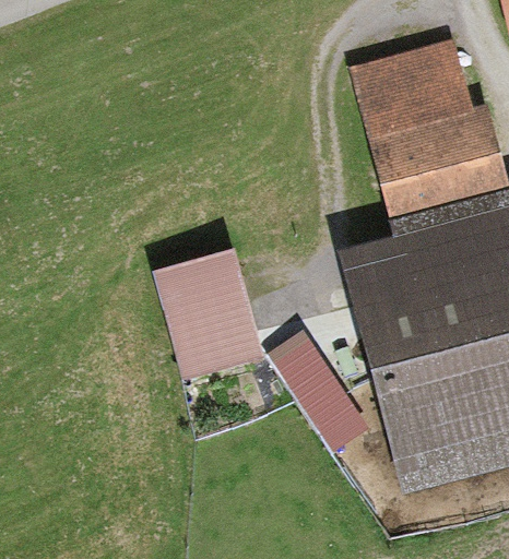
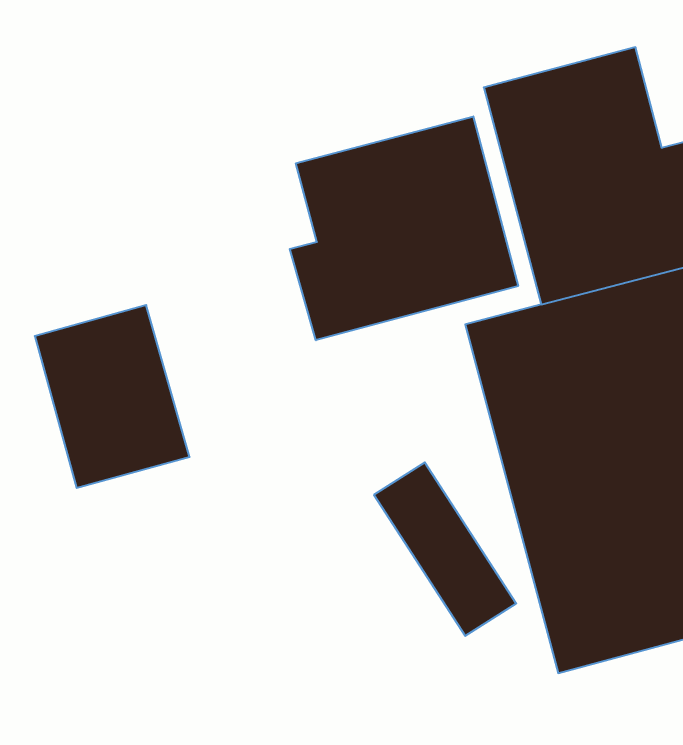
building: none -> [290,116,518,340]
building: [153,252,262,381] -> [35,305,190,488]

